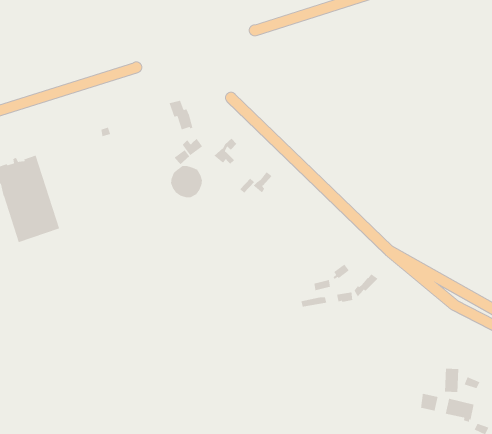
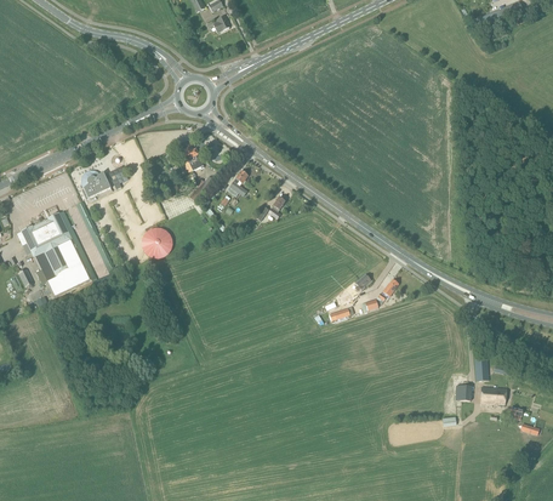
building: none -> [81,169,110,199]
building: [170,165,203,198] -> [142,227,172,258]

